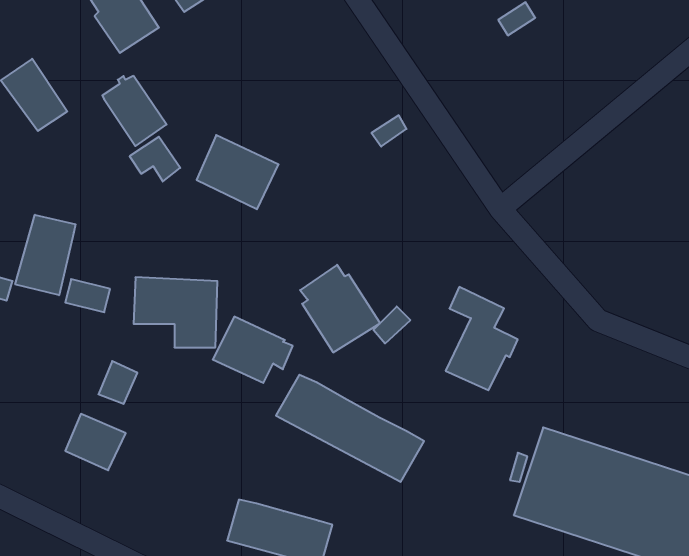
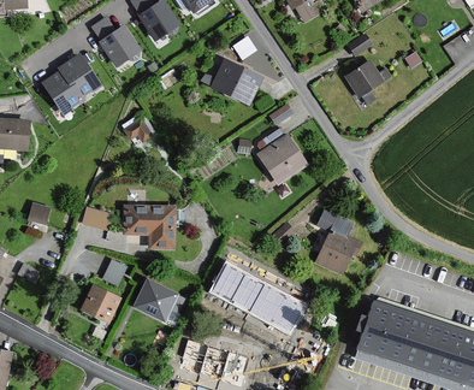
building: none -> [345,61,383,96]
building: [102,76,167,146] -> [60,55,100,99]
building: [197,135,279,209] -> [212,59,262,105]
building: [15,215,76,295] -> none
building: [300,265,380,352] -> [257,129,307,183]
building: [213,317,293,383] -> [134,280,183,321]

